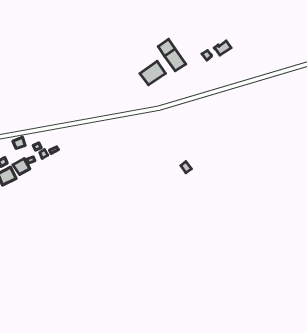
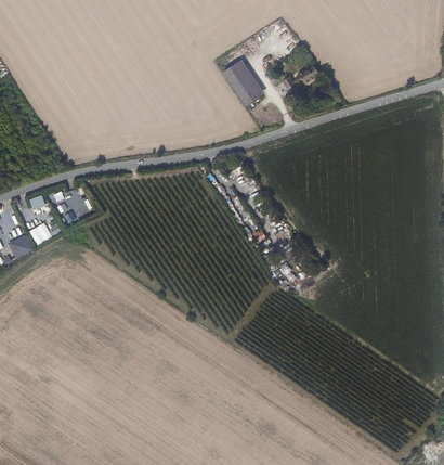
building: [140,61,166,85] -> none

